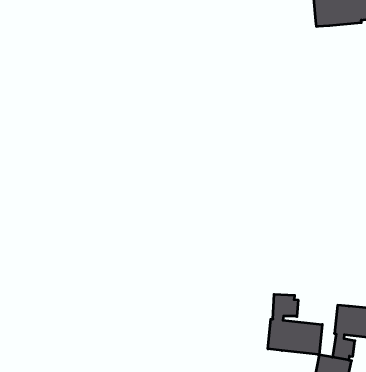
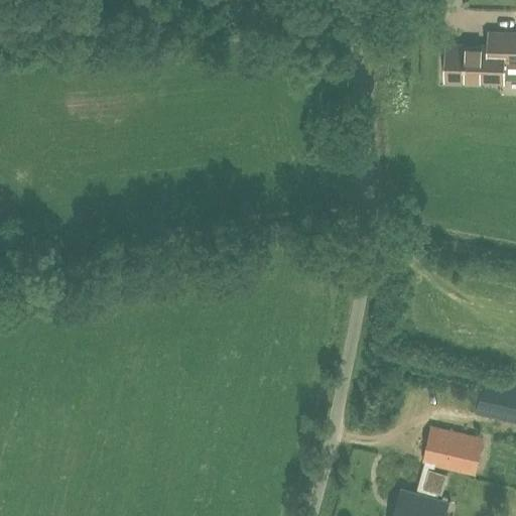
building: [268,294,322,355] -> none

